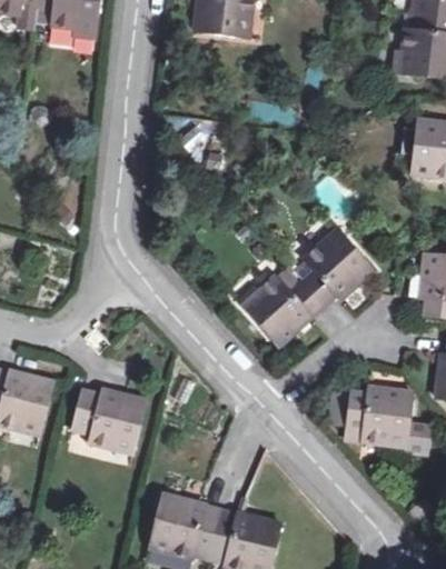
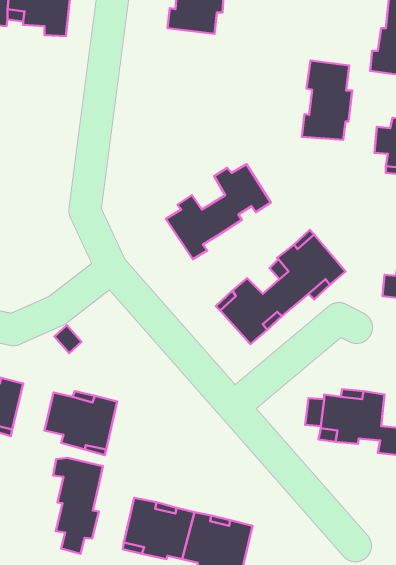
building: none -> [302,61,352,140]
building: none -> [166,164,271,259]
building: none -> [53,458,103,554]

